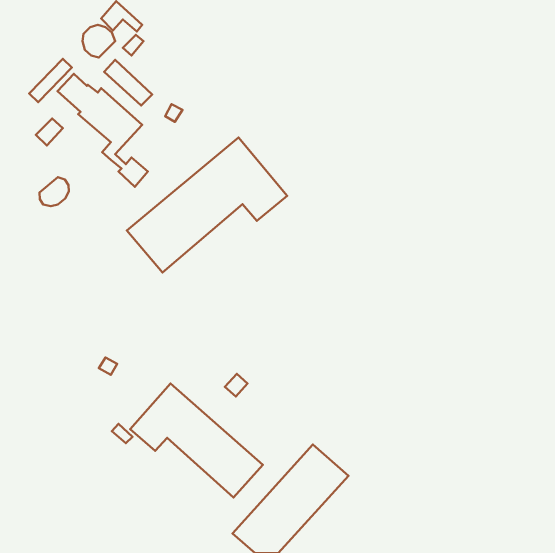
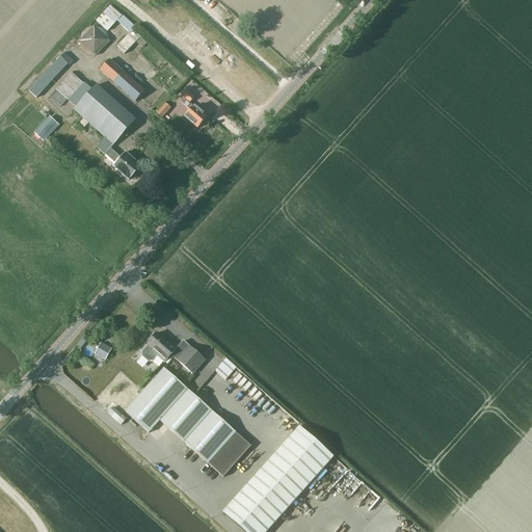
building: none -> [180,88,208,129]
building: [127,137,287,272] -> none
building: [39,177,69,206] -> none
building: none -> [145,332,205,373]

